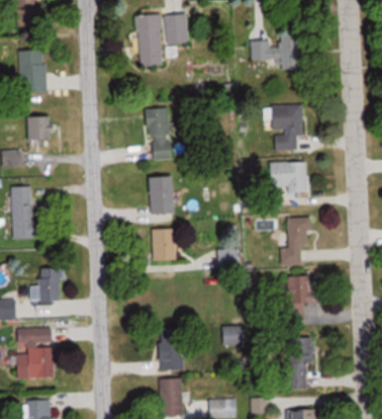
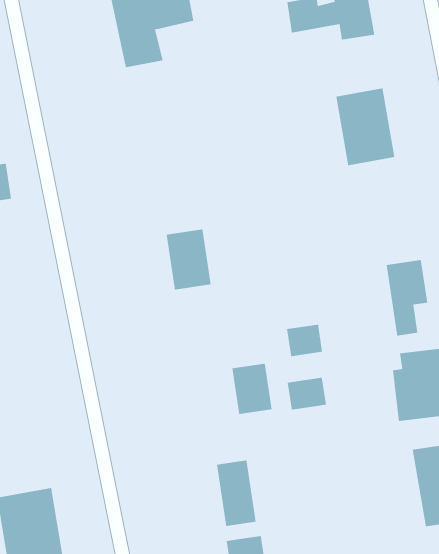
building: [147,108,171,159] -> none
building: [268,162,306,192] -> none
building: [154,229,176,259] -> [231,363,273,415]
building: [29,268,61,302] -> none
building: [220,326,244,344] -> [287,377,327,410]

